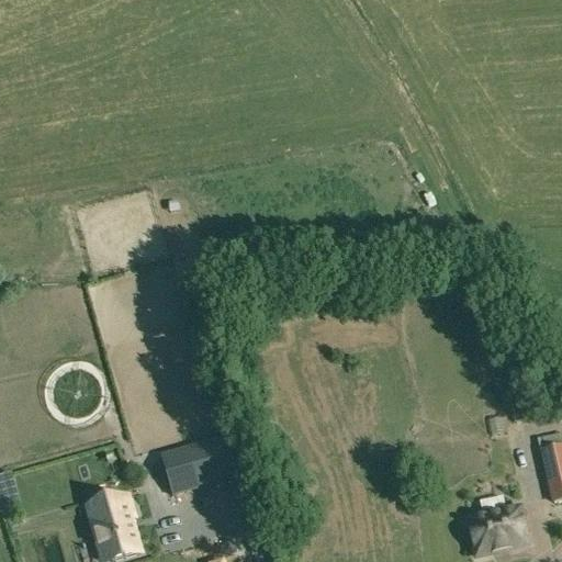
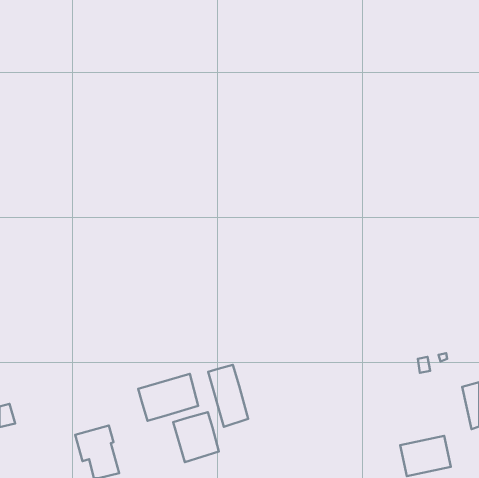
building: none -> [208,365,248,427]
building: none -> [173,412,219,462]

